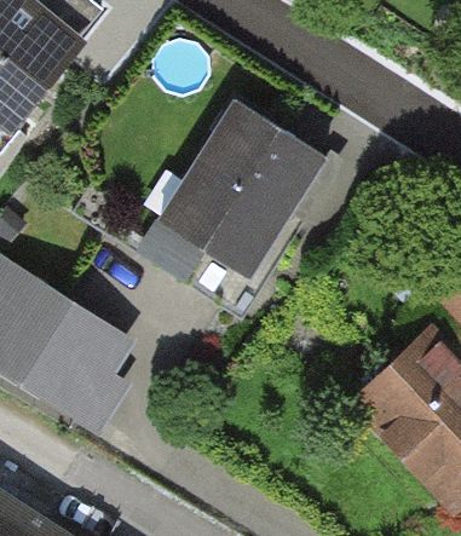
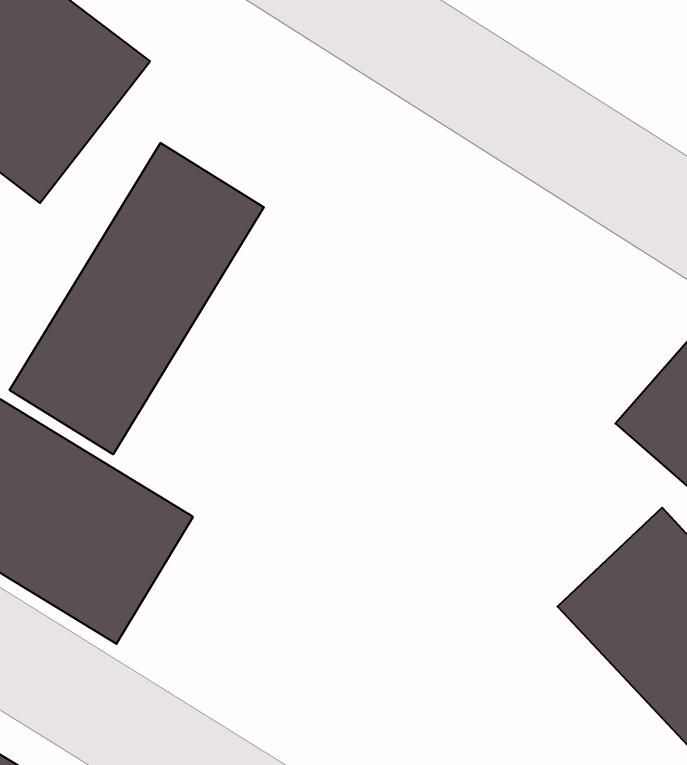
building: [162,93,335,273] -> none
building: none -> [10,143,264,454]

